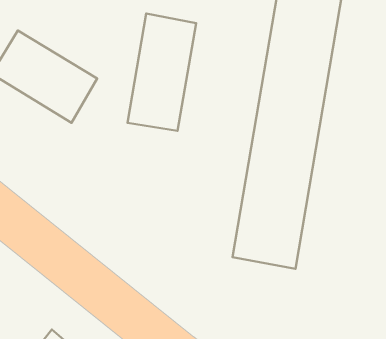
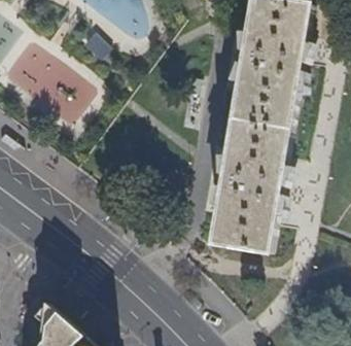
building: [128,13,196,131] -> none

